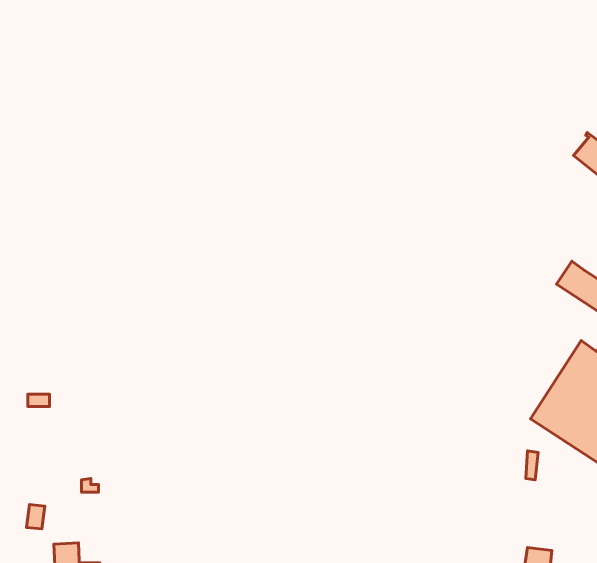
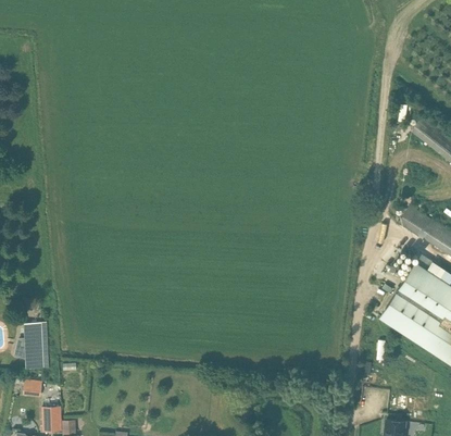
building: none -> [14,323,45,369]

